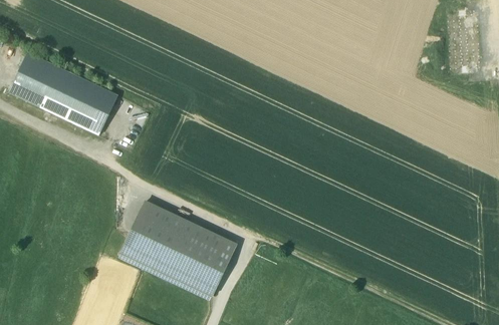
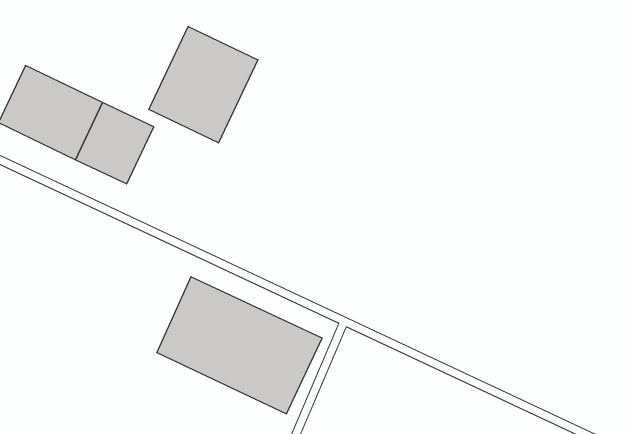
building: none -> [149,26,258,143]

